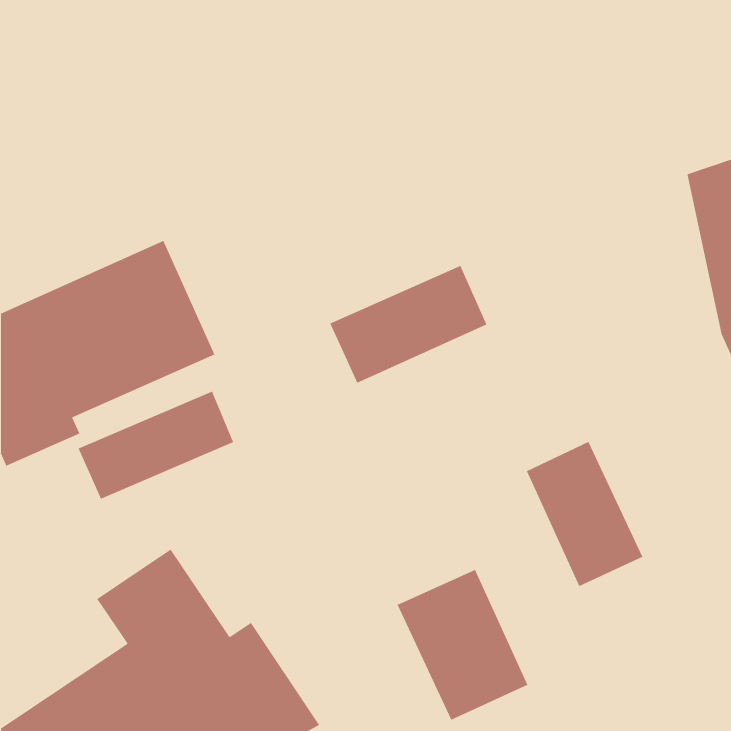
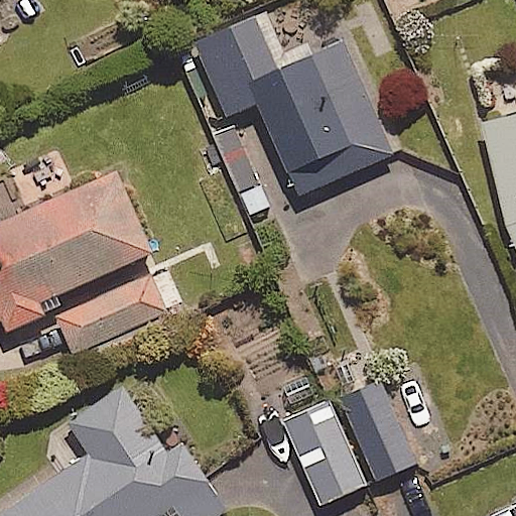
building: none -> [191,12,392,197]
building: [329,265,487,384] -> none
building: [526,441,643,587] -> [336,380,418,483]

